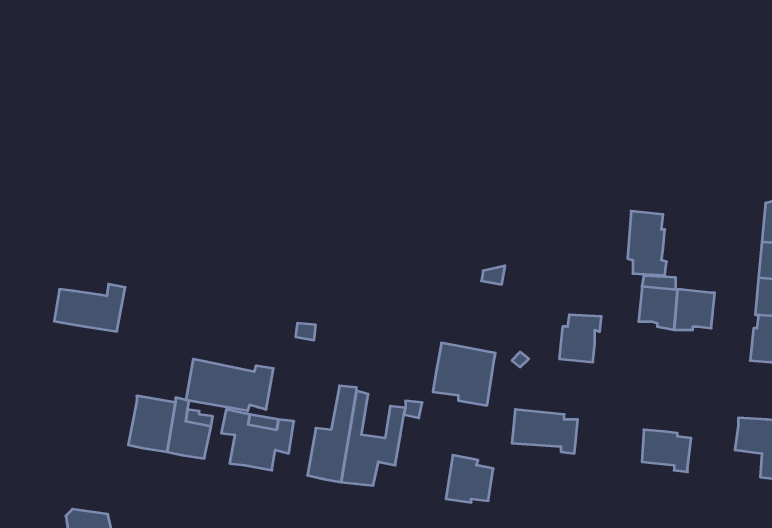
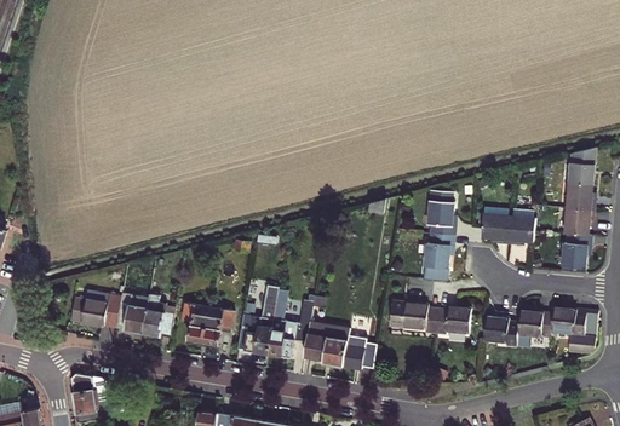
building: [628,211,667,275] -> [426,189,454,235]
building: [54,284,125,331] -> [69,293,120,327]
building: [433,343,495,405] -> [303,321,348,365]
building: [186,359,273,411] -> none
building: none -> [434,306,469,333]
building: none -> [515,310,551,345]

